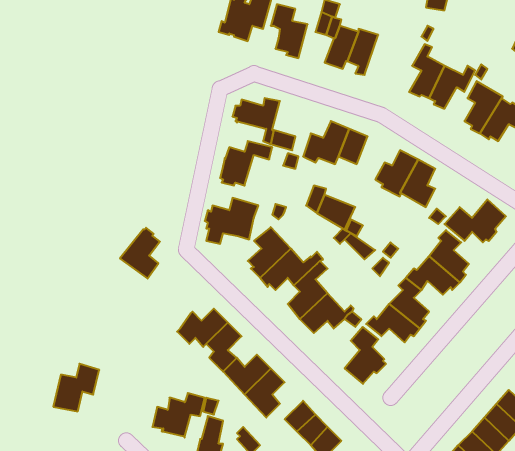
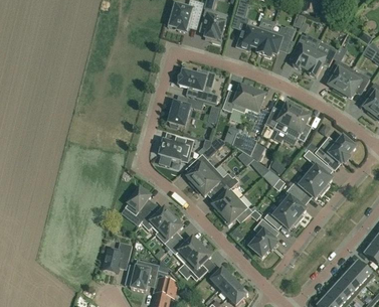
building: none -> [262,25,295,57]
building: [120,228,160,279] -> [124,187,150,220]
building: [53,364,99,411] -> [102,242,132,273]

